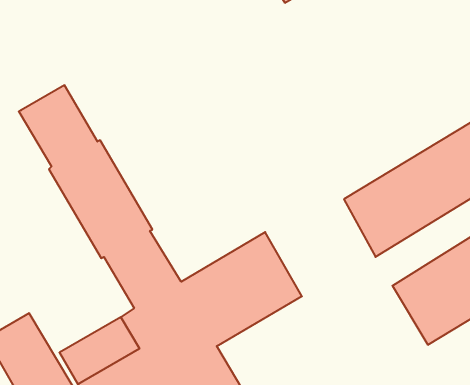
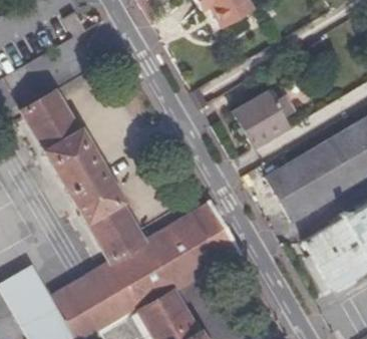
building: none -> [238,90,298,145]

